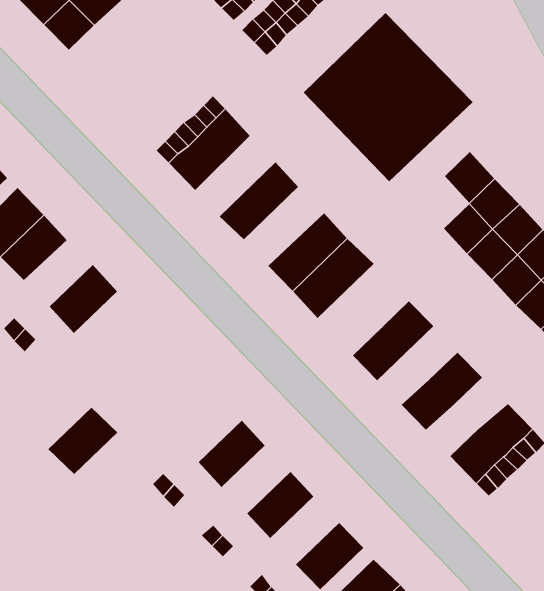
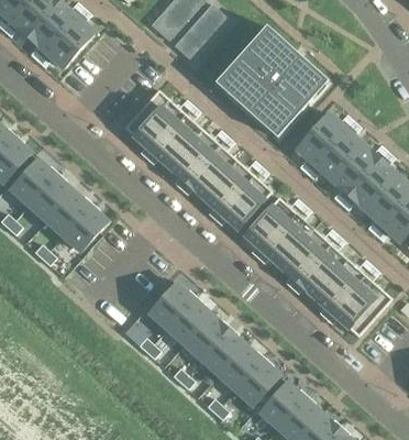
building: none -> [152,113,202,167]
building: none -> [296,130,330,164]
building: none -> [186,144,236,197]
building: none -> [45,190,89,234]
building: none -> [244,196,296,251]
building: none -> [279,228,330,281]
building: none -> [313,259,365,311]
building: [47,407,118,475] -> [148,283,194,328]
building: none -> [184,314,228,359]
building: none -> [218,344,262,389]

